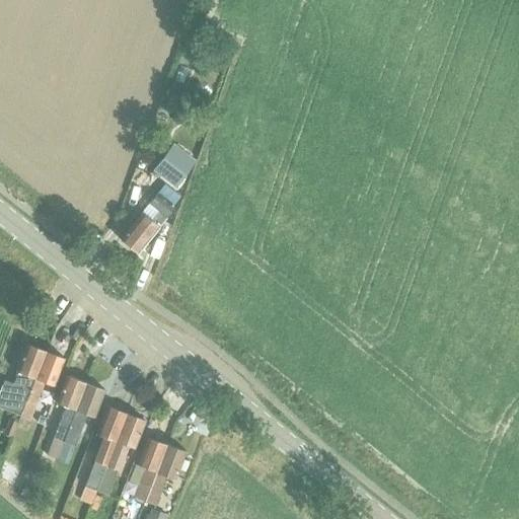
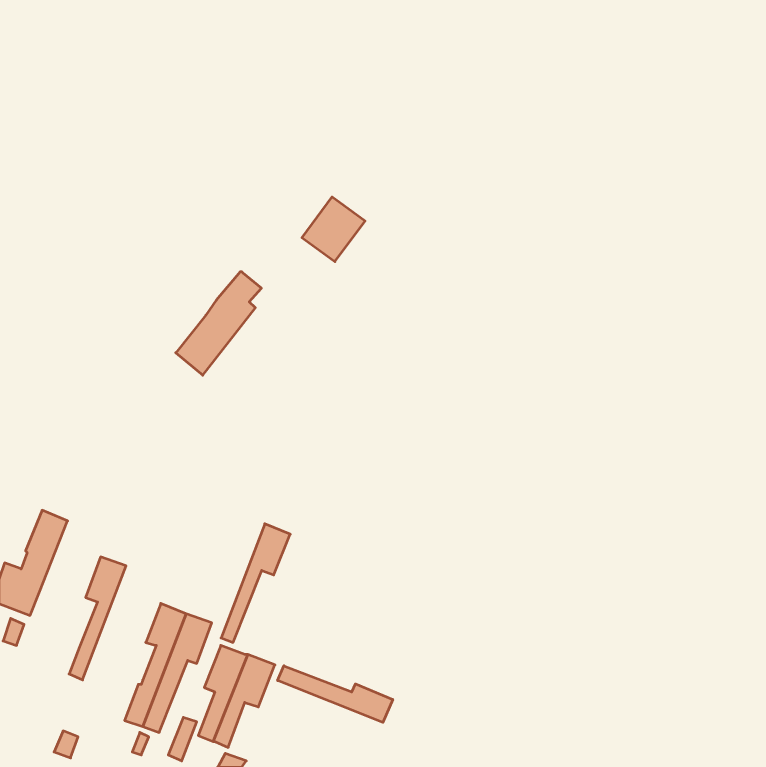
building: [152,145,195,189] -> [302,197,365,262]
building: [20,352,62,420] -> none
building: [56,382,102,462] -> [221,524,290,642]
building: none -> [278,666,393,722]

